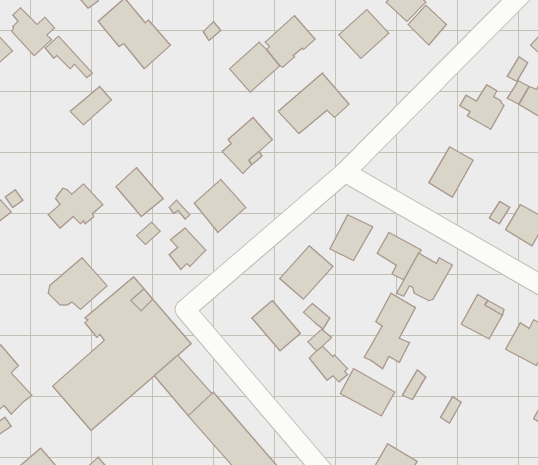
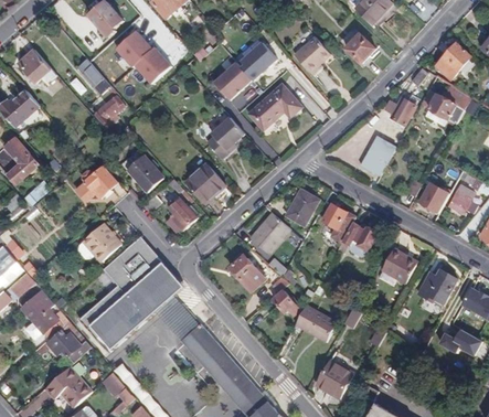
building: [12,8,55,56] -> none
building: [364,293,416,369] -> none
building: none -> [46,330,92,362]

